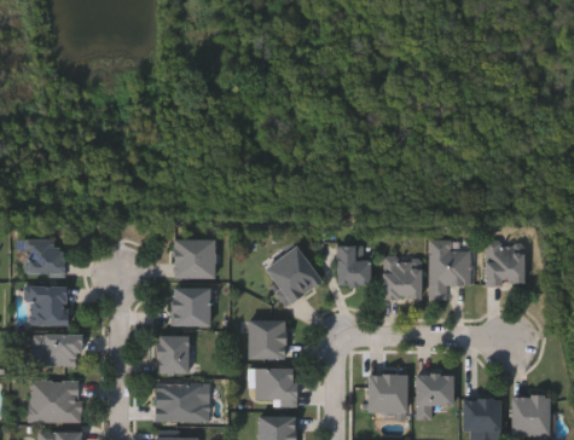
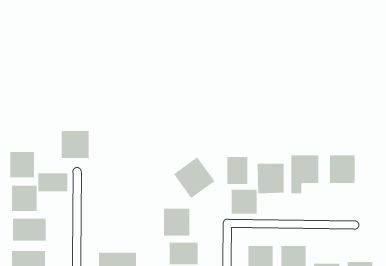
building: [173,239,214,279] -> [61,130,90,158]
building: none -> [38,173,68,192]
building: [172,289,210,328] -> none
building: none -> [231,189,257,214]
building: [157,337,189,374] -> none

